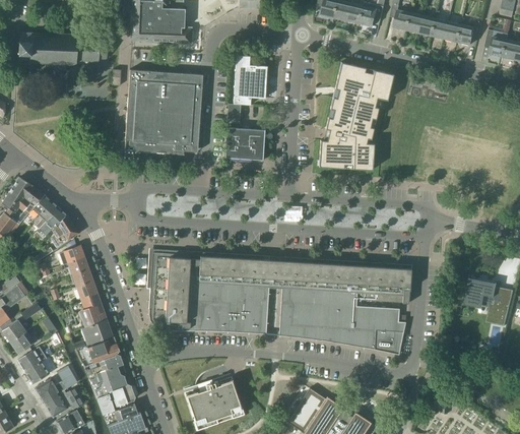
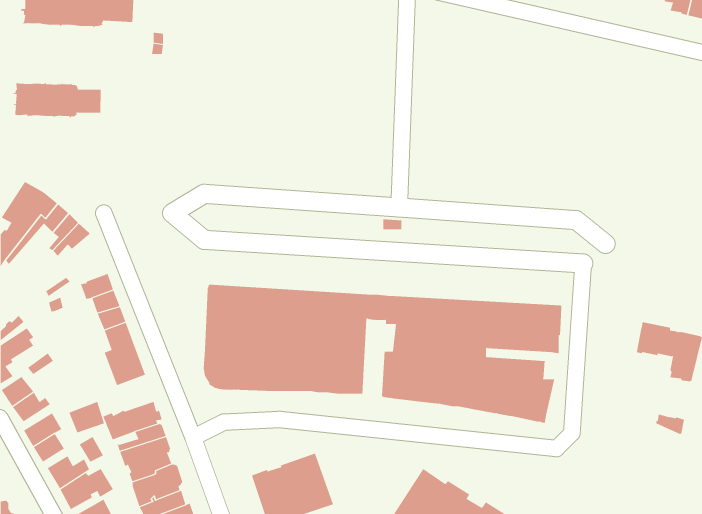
building: [229,55,267,106] -> none
building: [319,62,394,170] -> none
building: [125,69,203,154] -> none
building: none -> [13,81,101,119]
building: [225,119,272,160] -> none
building: [51,215,79,248] -> none
building: [86,319,113,343] -> [68,401,105,433]

